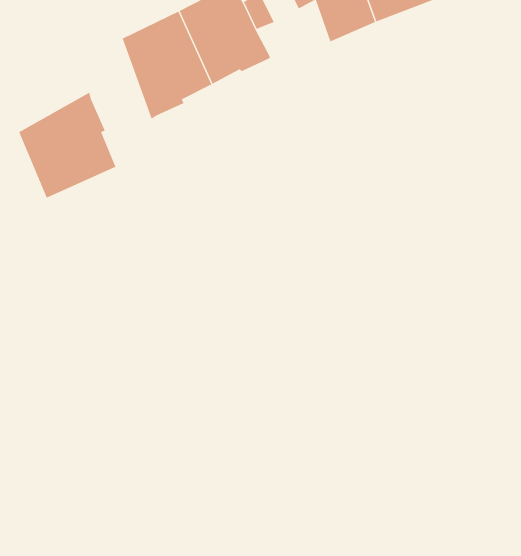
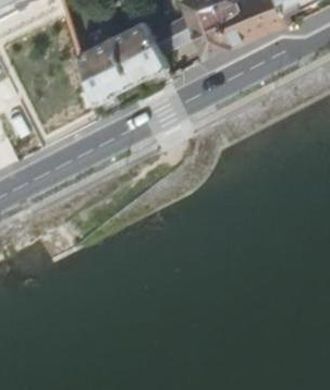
building: [18,92,116,199] -> none

